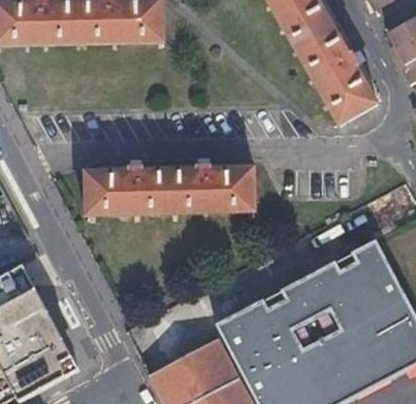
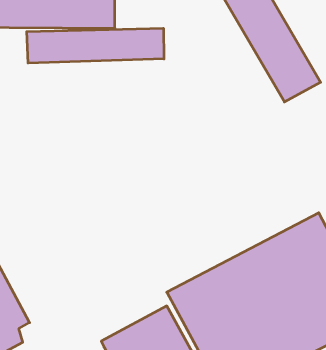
building: none -> [27,28,164,63]
building: [87,168,253,212] -> none

